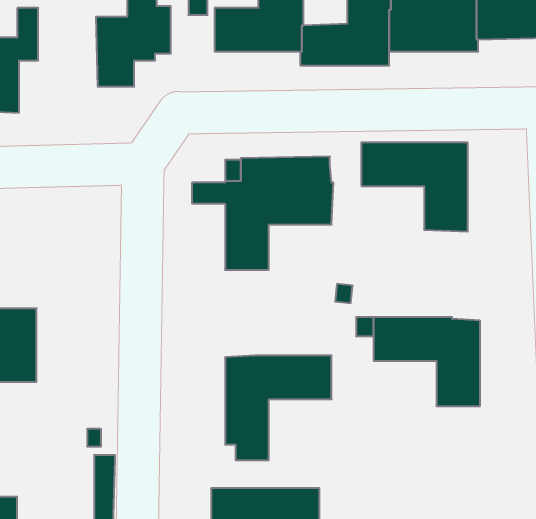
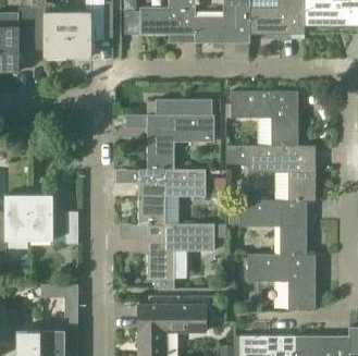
building: none -> [30,7,67,56]
building: none -> [227,145,314,201]
building: none -> [138,169,206,225]
building: none -> [29,194,65,244]
building: none -> [248,254,314,310]

